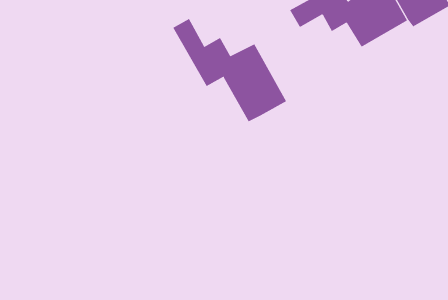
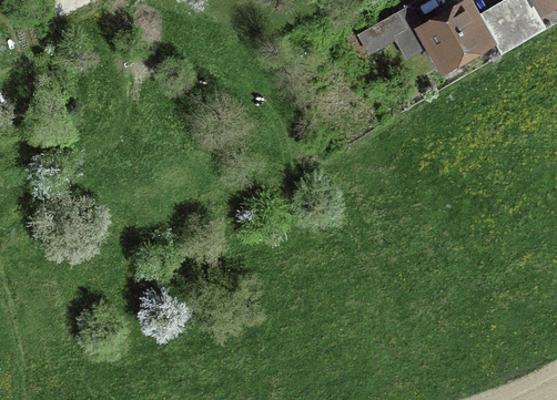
building: [172,18,287,122] -> none

